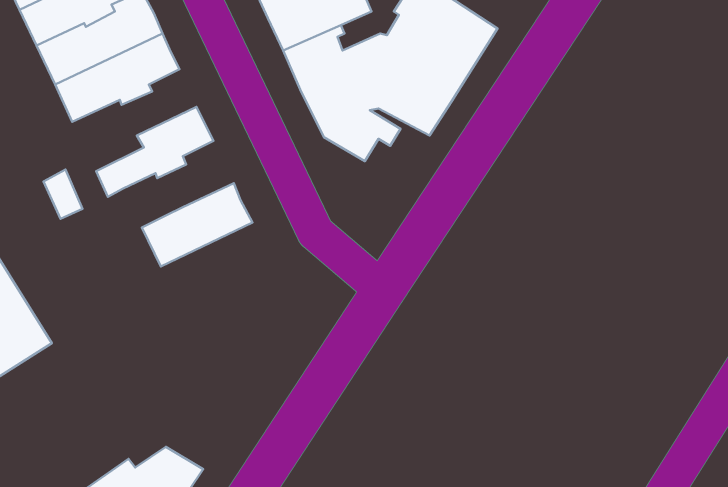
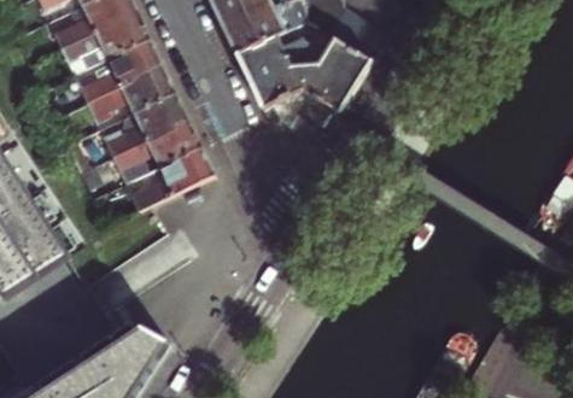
building: none -> [84,63,173,121]
building: none -> [116,113,199,180]

